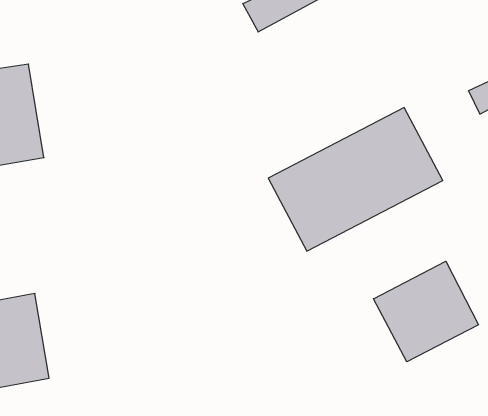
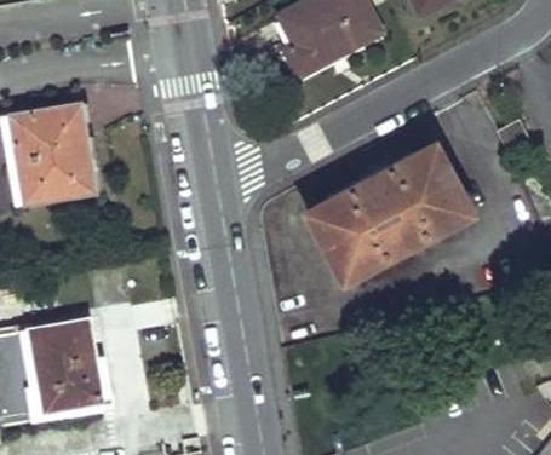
building: [373,261,478,362] -> none

